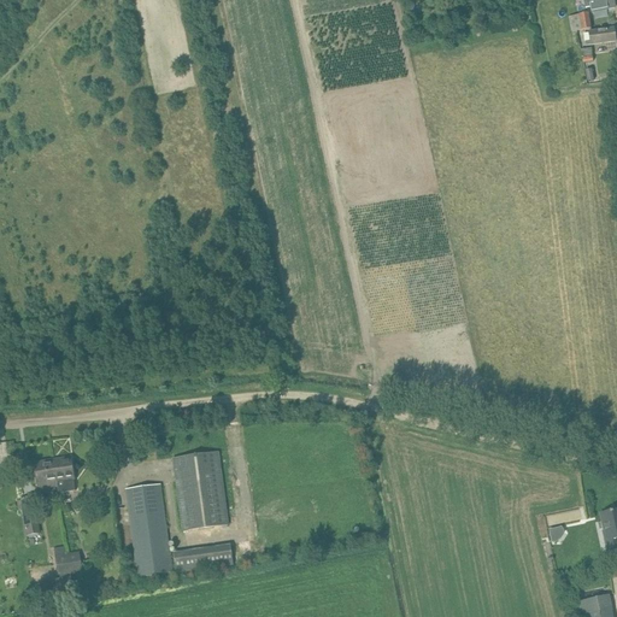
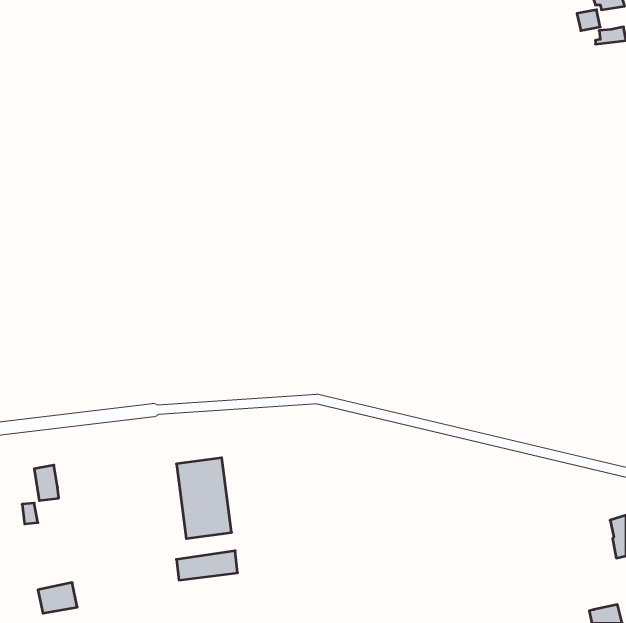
building: [53,456,75,490] -> none
building: [127,482,172,575] -> none
building: [53,545,82,571] -> none

